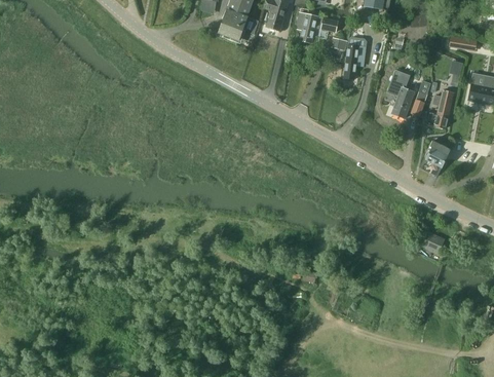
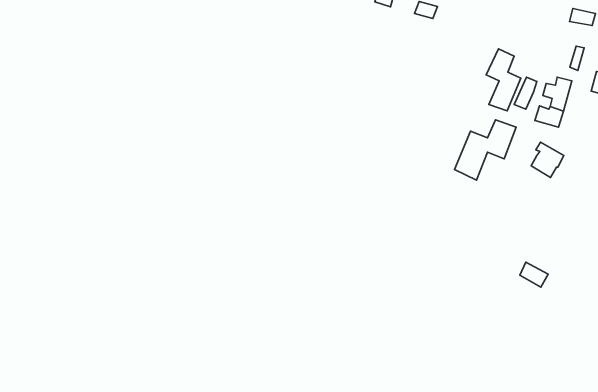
building: [342,44,367,78] -> none
building: none -> [454,120,516,180]

